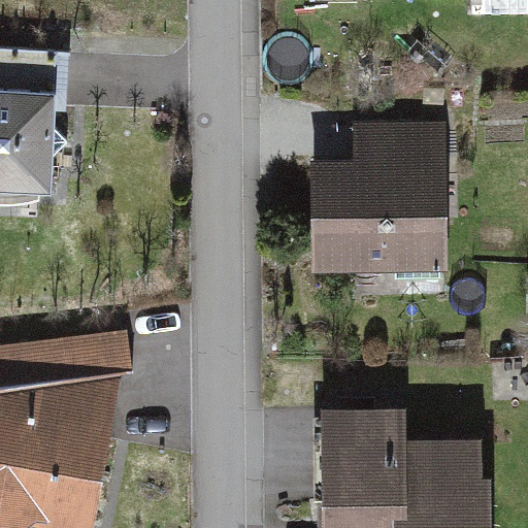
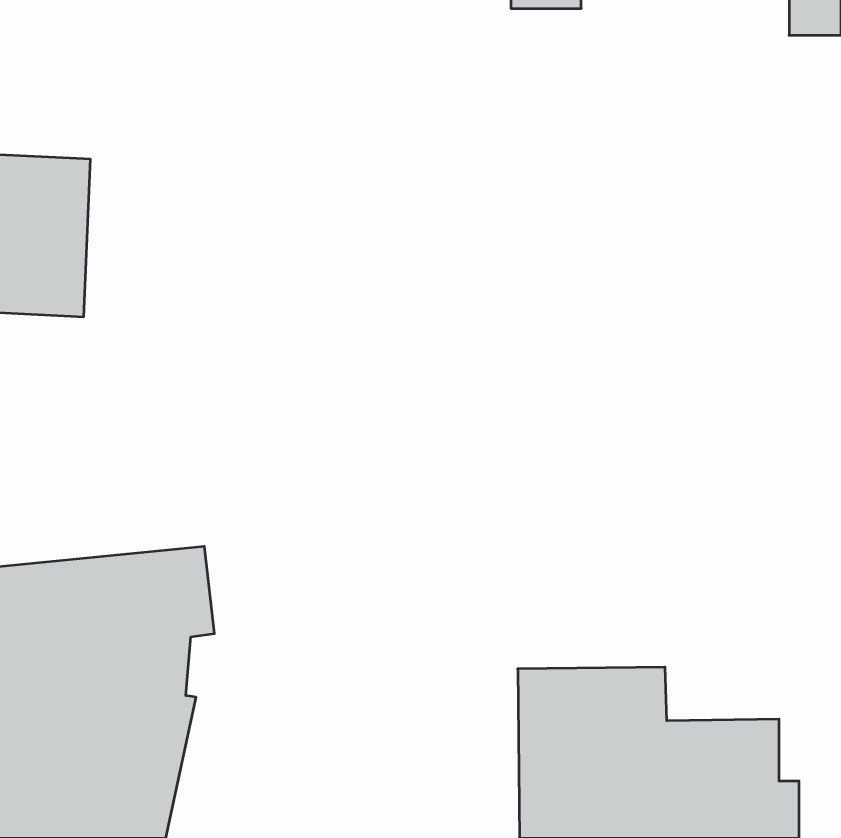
building: [311,121,443,275] -> none

